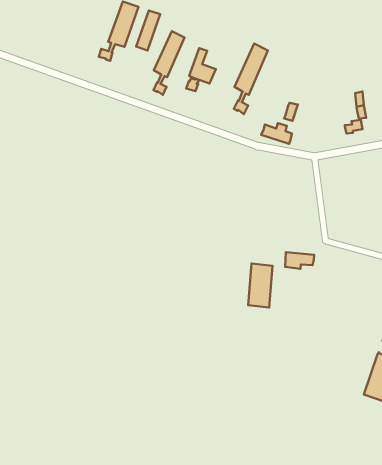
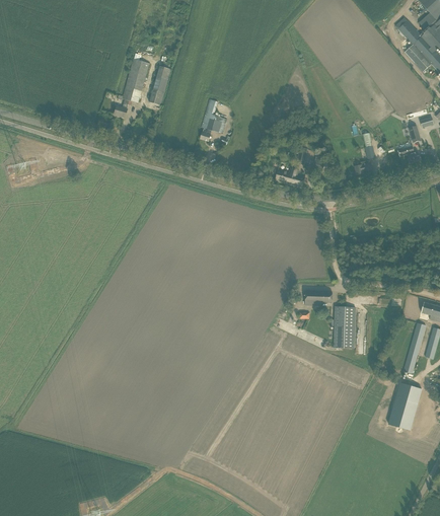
building: [153,31,184,95] -> none
building: [234,43,268,114] -> none
building: [248,263,273,308] -> [334,306,355,348]

